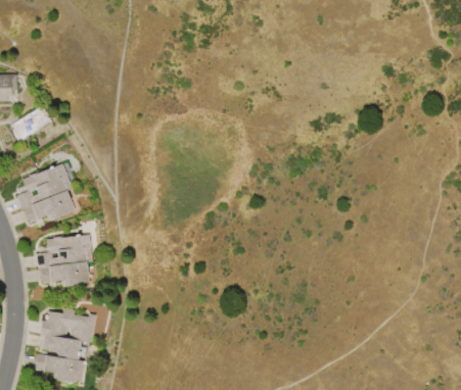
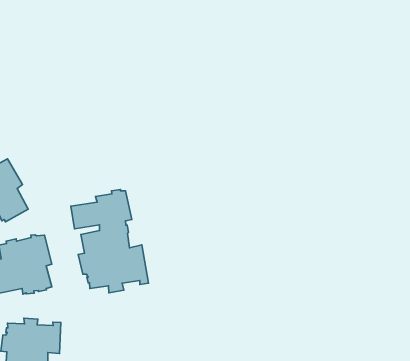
building: none -> [71,190,149,293]

